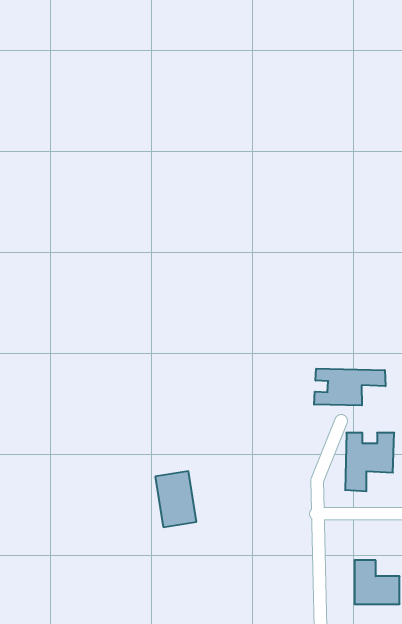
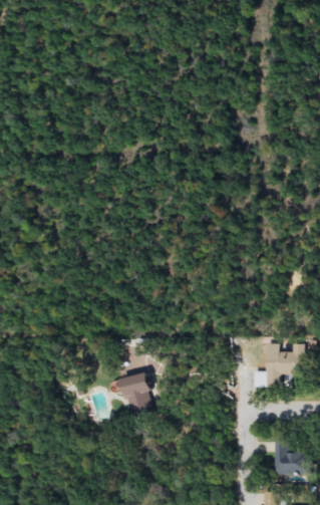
building: [314,369,385,405] -> none

